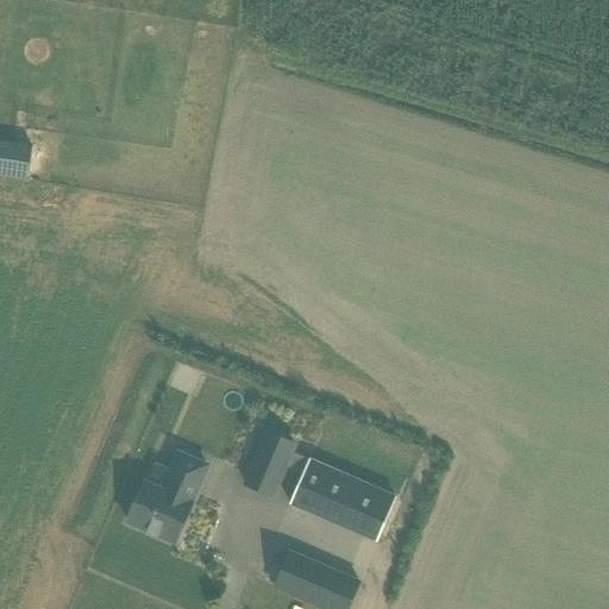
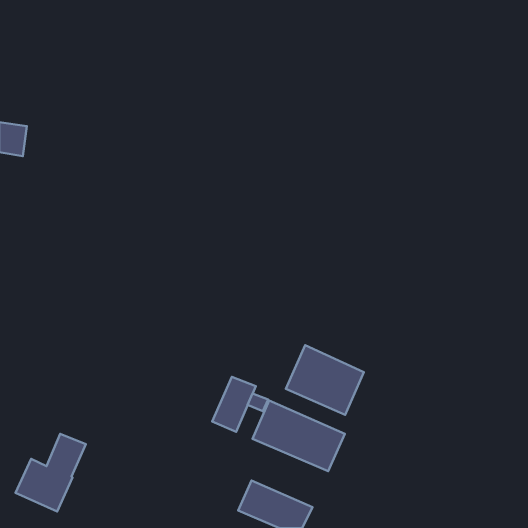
building: none -> [286,345,364,415]
building: [126,453,207,542] -> [16,434,86,512]

